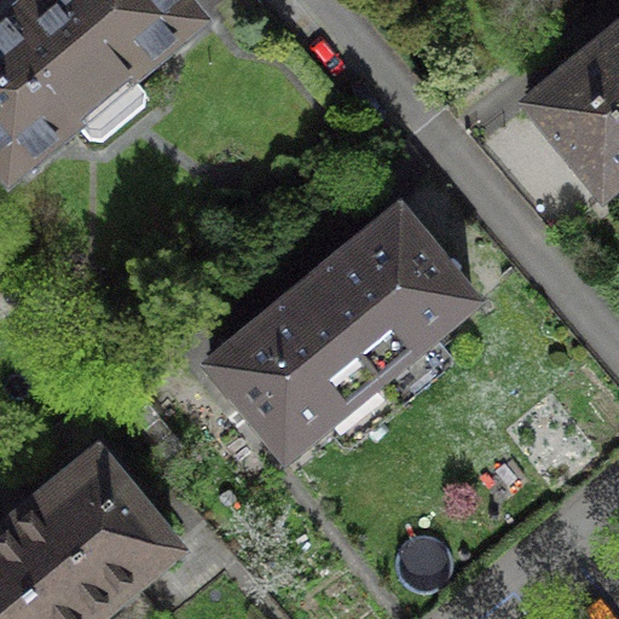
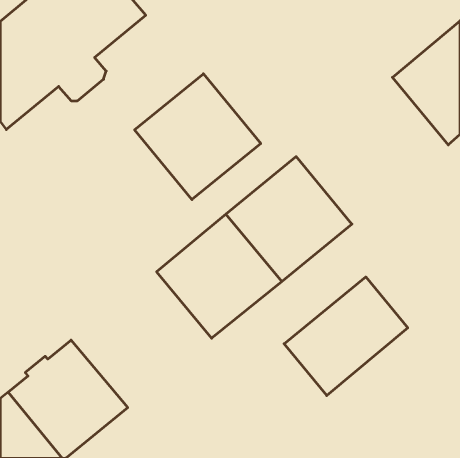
building: none -> [135,74,261,200]
building: none -> [284,277,408,396]

